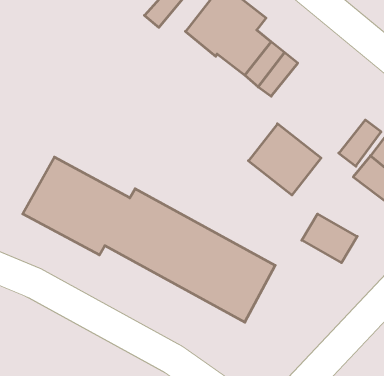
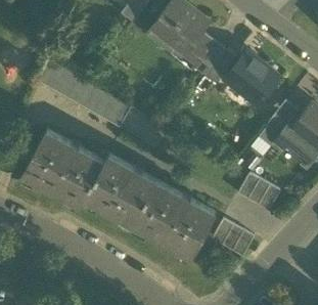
building: none -> [39,58,133,128]
building: [248,124,321,195] -> [225,51,281,106]
building: none -> [213,219,256,257]

